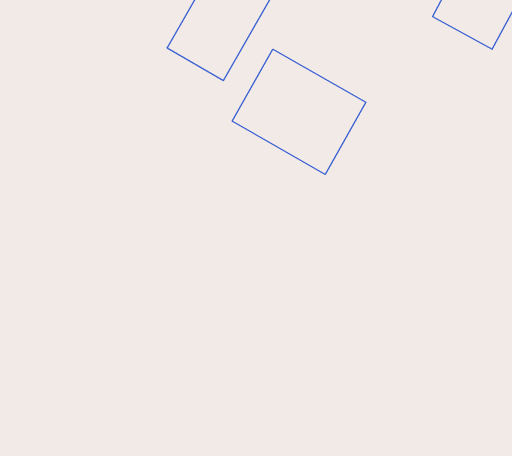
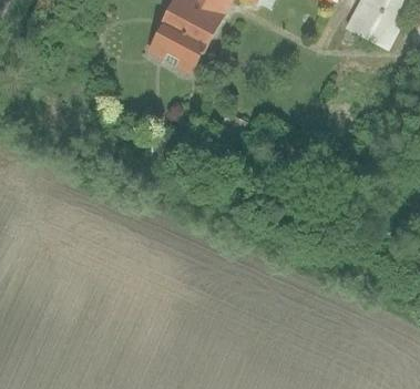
building: [232,49,366,174] -> none

